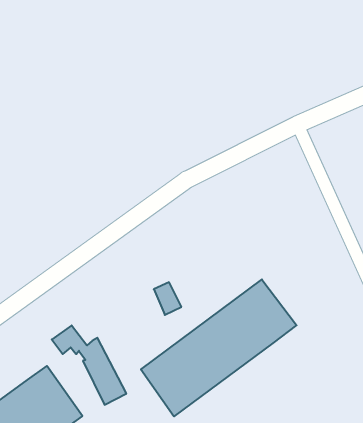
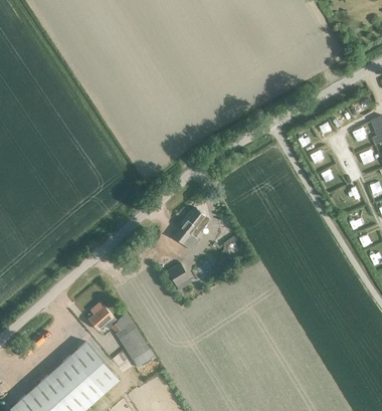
building: none -> [174,208,211,251]
building: [141,279,297,416] -> none

